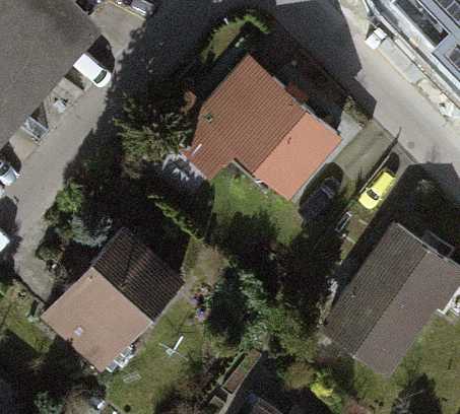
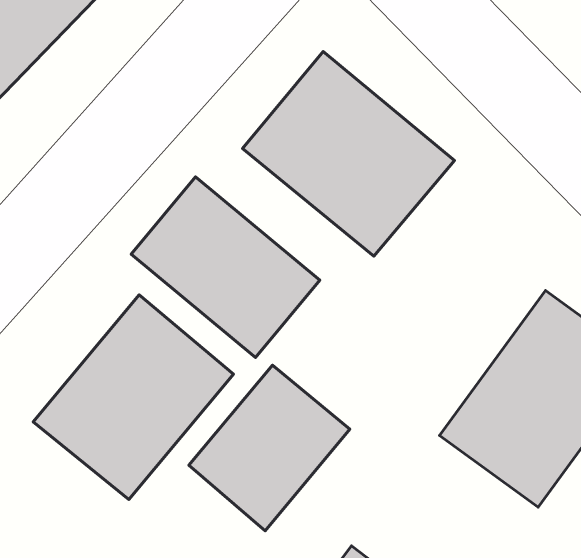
building: none -> [131,177,320,357]
building: none -> [189,365,350,531]

